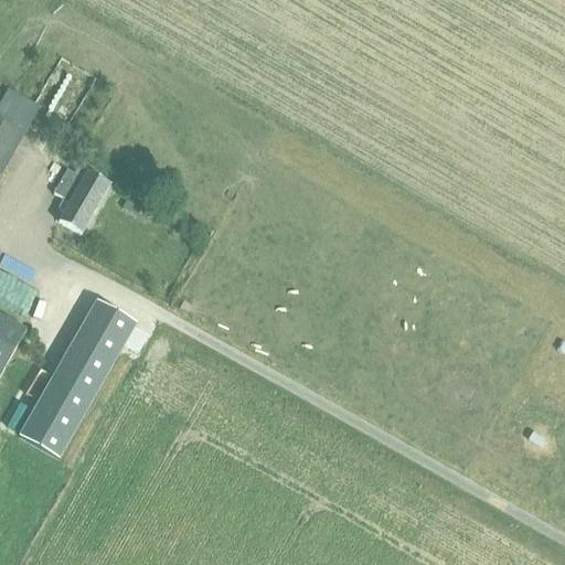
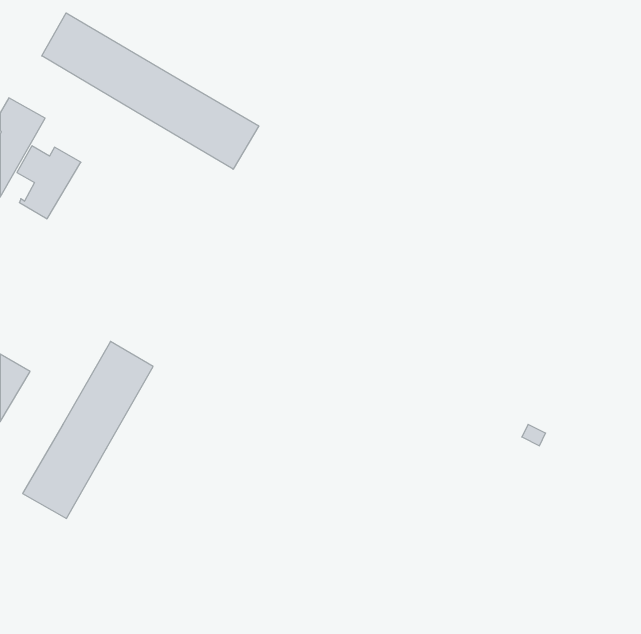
building: none -> [42,13,259,169]
building: [54,167,110,231] -> [17,146,81,219]

